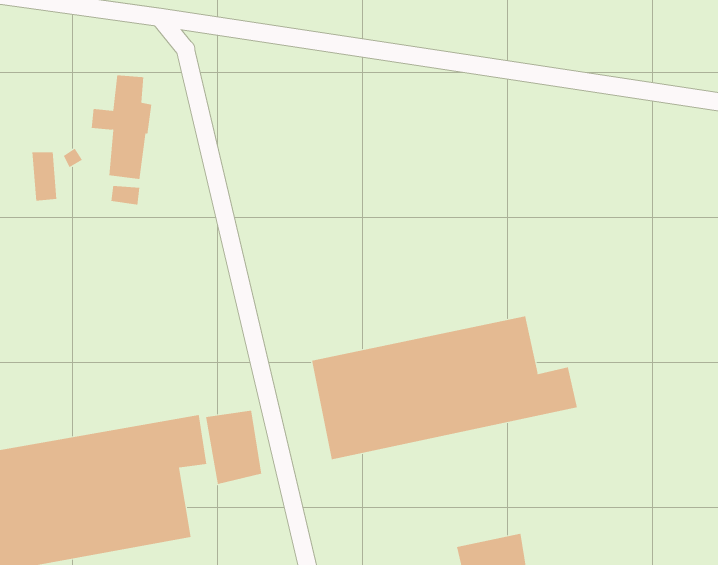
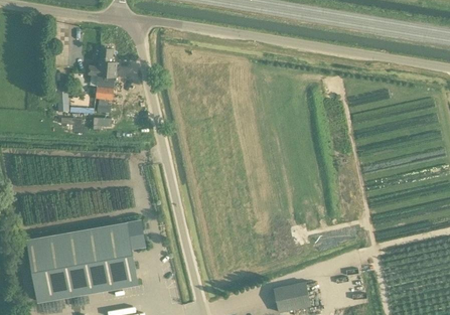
building: [311,316,578,460] -> none
building: [206,410,262,485] -> none

